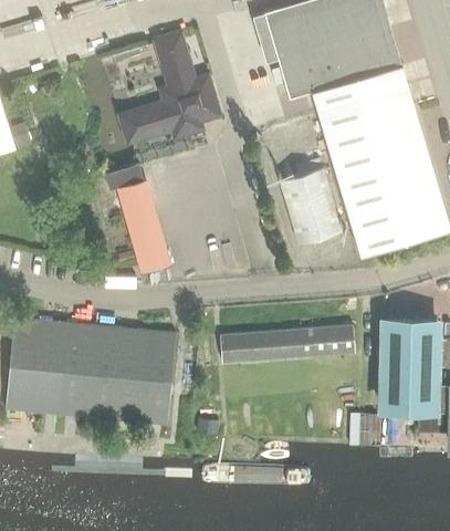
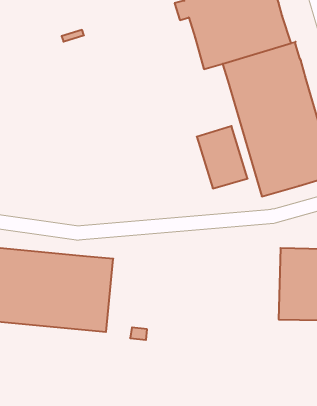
building: [118,33,218,142] -> none
building: [113,156,175,267] -> none
building: [220,326,355,362] -> none

